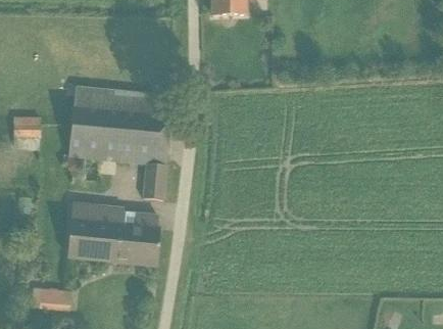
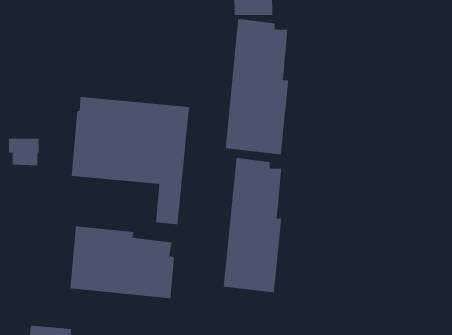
building: none -> [225,18,289,155]
building: none -> [223,157,282,293]

